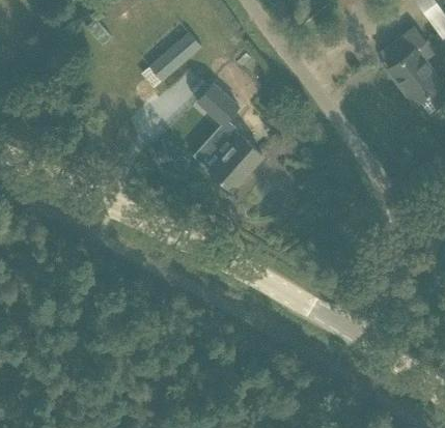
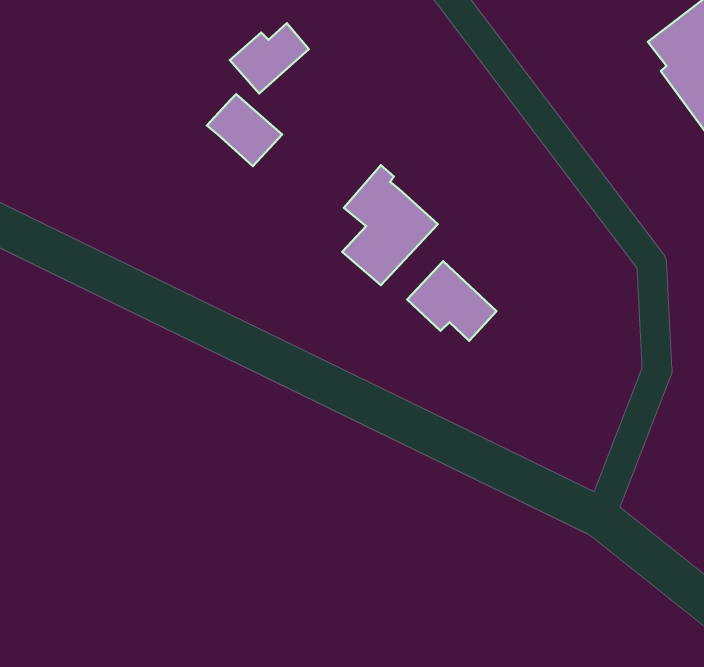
building: [196,84,239,124] -> [207,94,282,166]
building: none -> [407,261,496,341]

